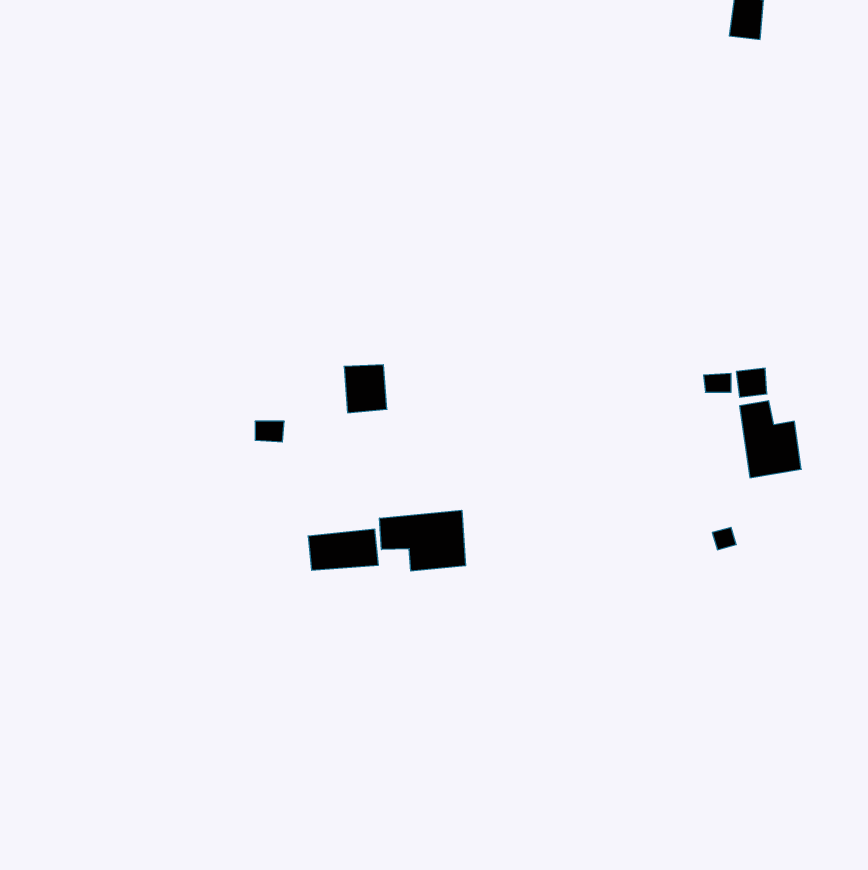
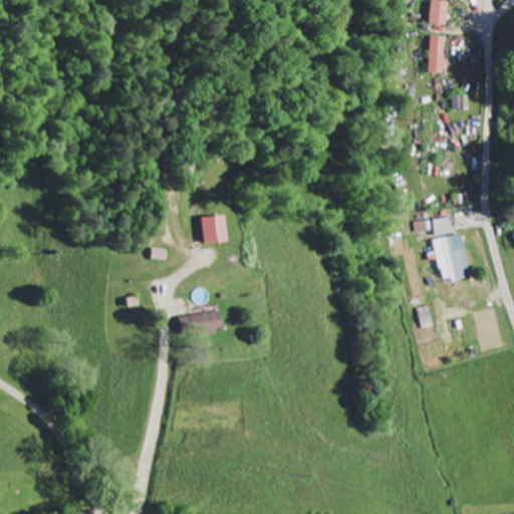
building: none -> [427,34,445,71]
building: [380,510,466,571] -> none

